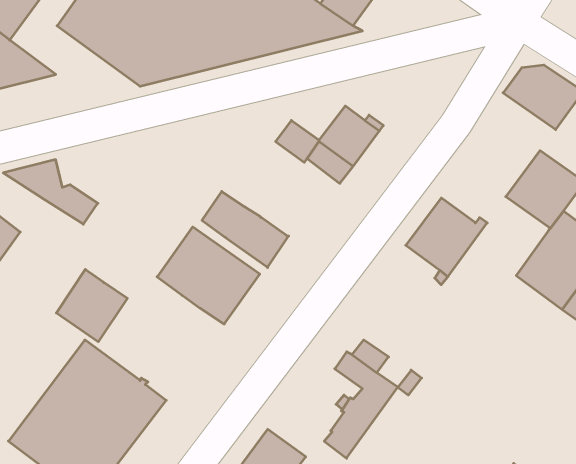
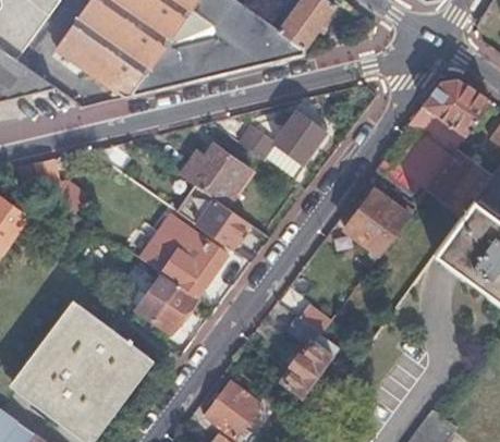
building: none -> [395,101,469,189]
building: none -> [180,142,251,205]
building: [56,269,127,342] -> [136,269,195,329]

